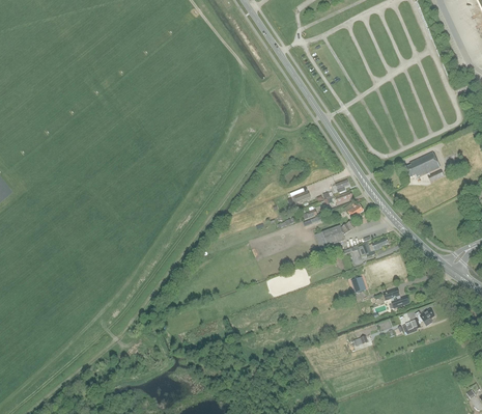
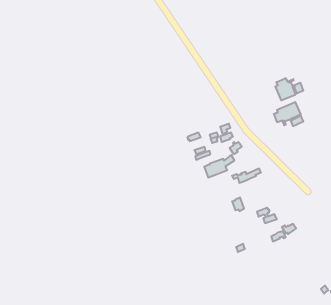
building: none -> [275,78,303,100]

